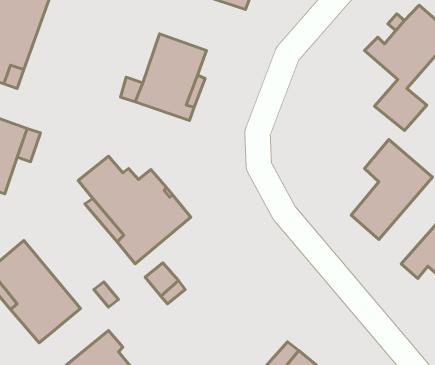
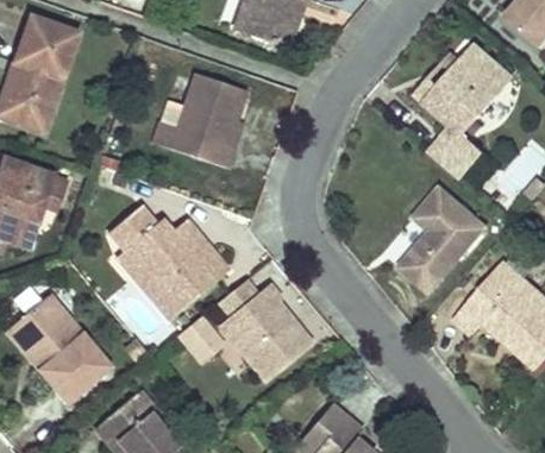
building: none -> [218,279,314,382]

